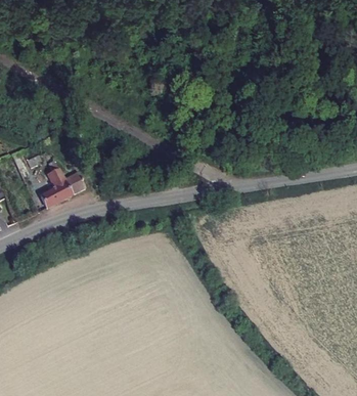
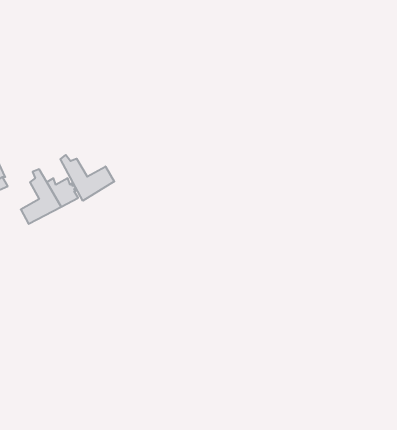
building: none -> [60,155,114,201]

